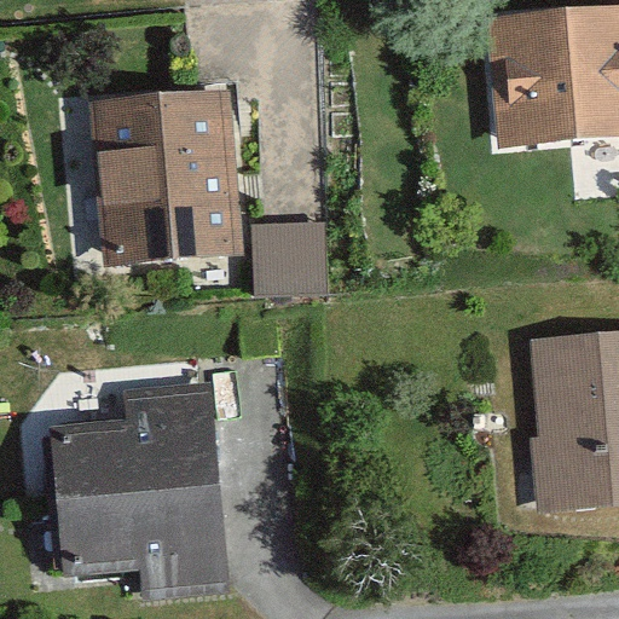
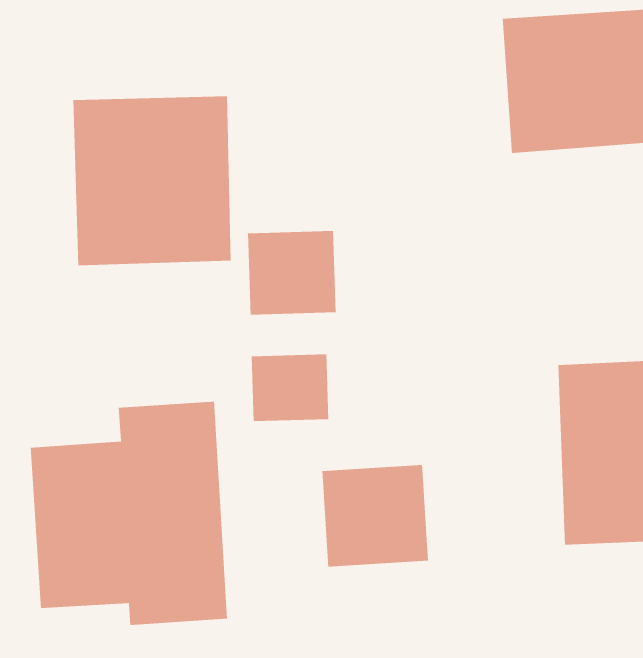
building: none -> [251,354,329,422]
building: none -> [321,464,429,568]

